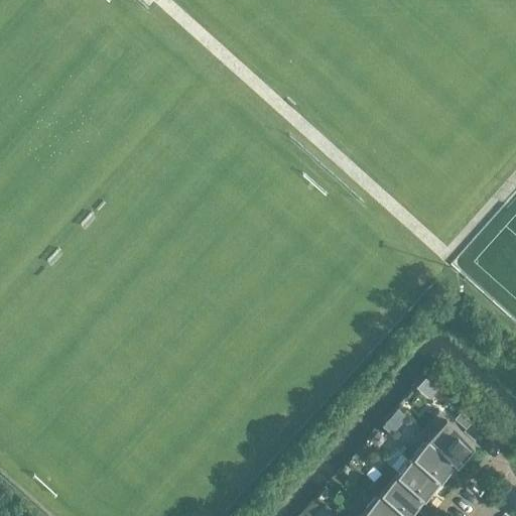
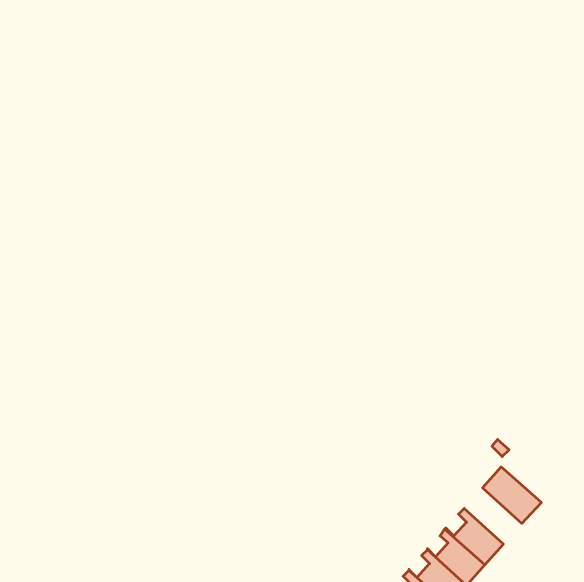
building: [410,432,461,482] -> none

